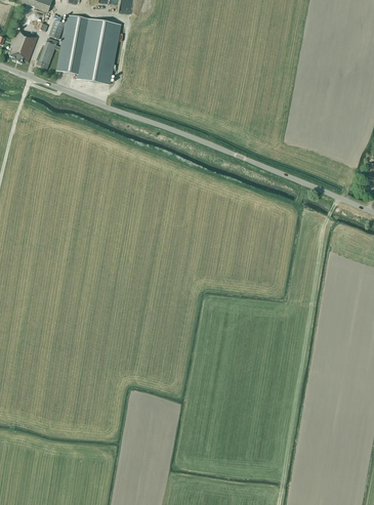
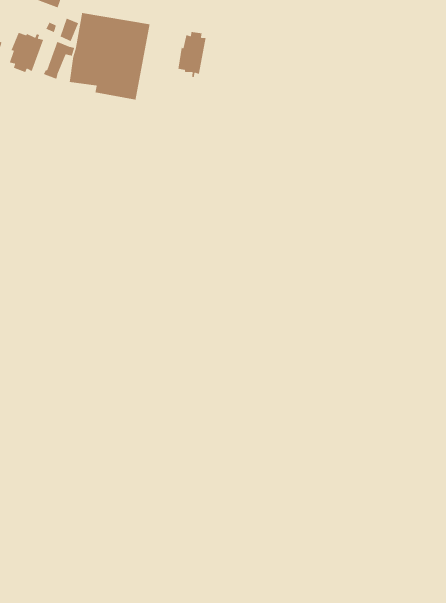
building: none -> [178,31,207,78]

